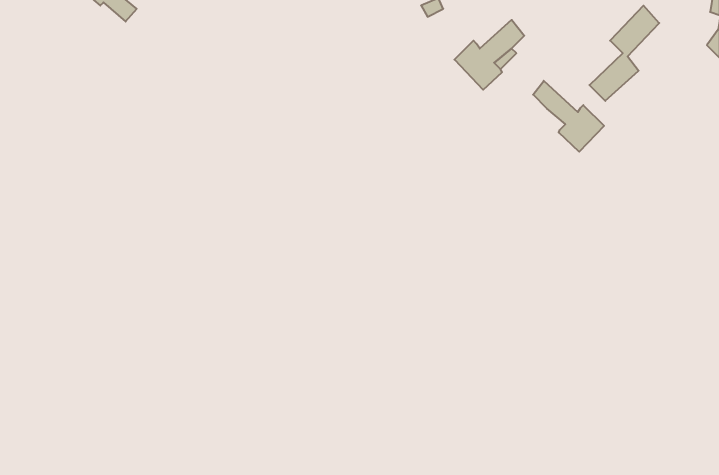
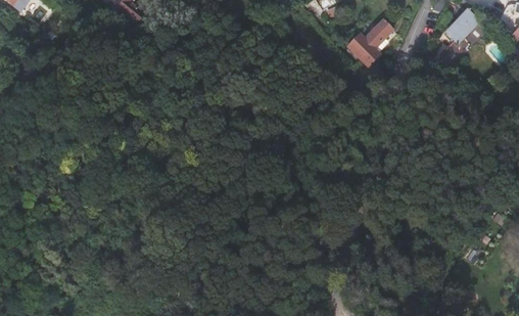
building: [533,81,604,152] -> none

